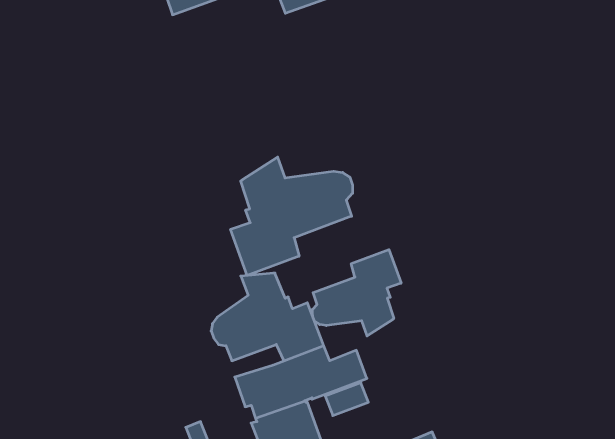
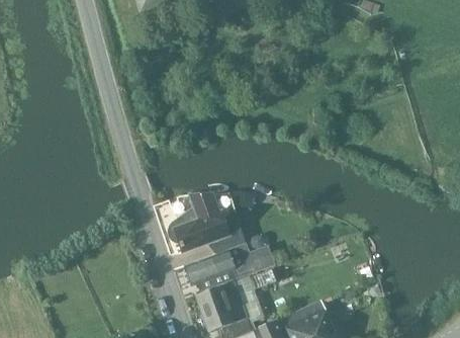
building: [231,157,353,275] -> none
building: [312,250,401,336] -> none

